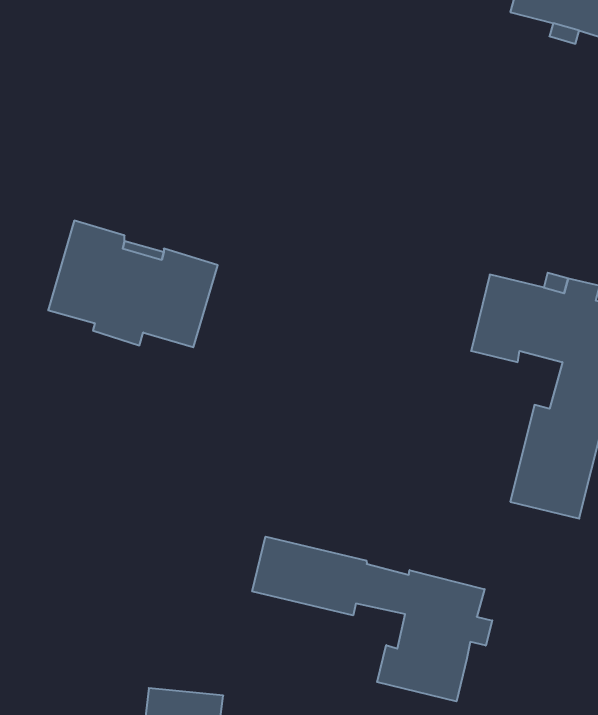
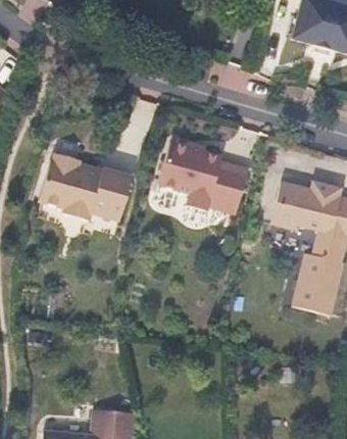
building: none -> [159,139,248,213]
building: [252,537,492,701] -> none

